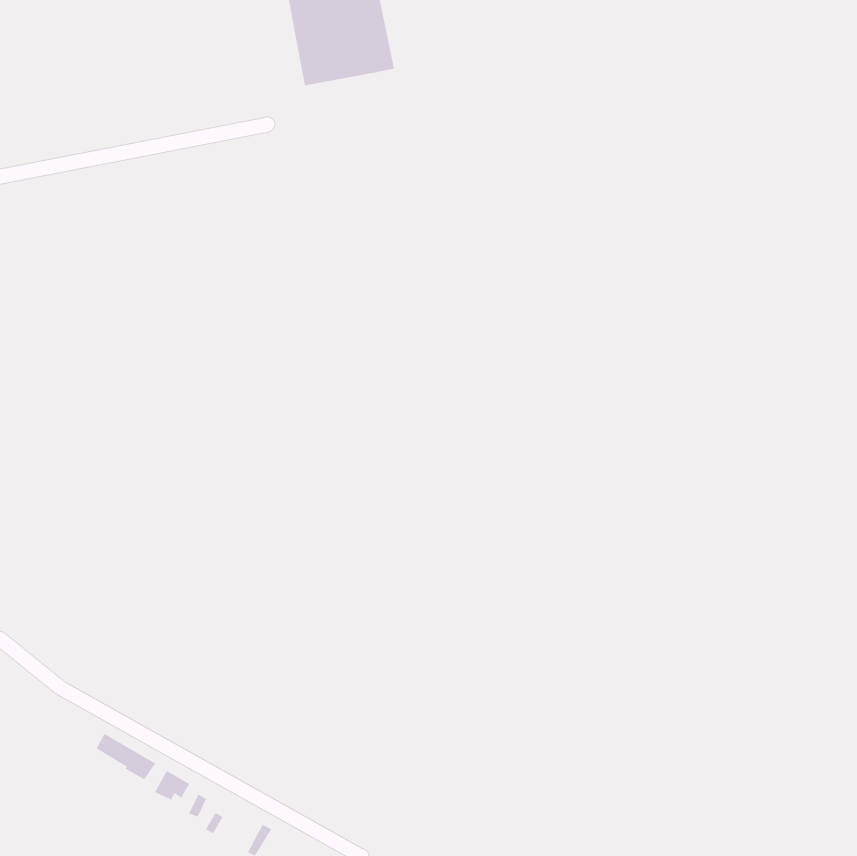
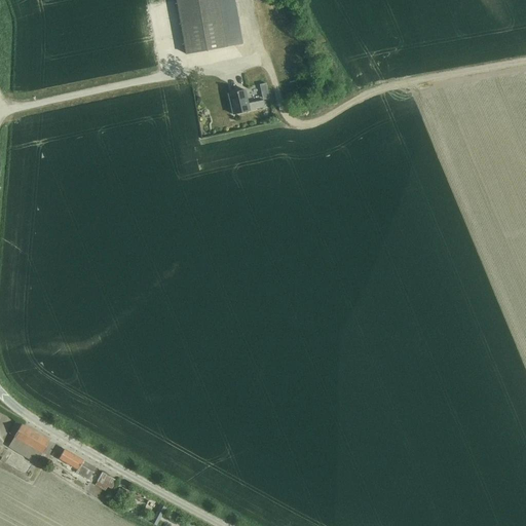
building: none -> [229,89,266,112]
building: none -> [9,419,57,461]

